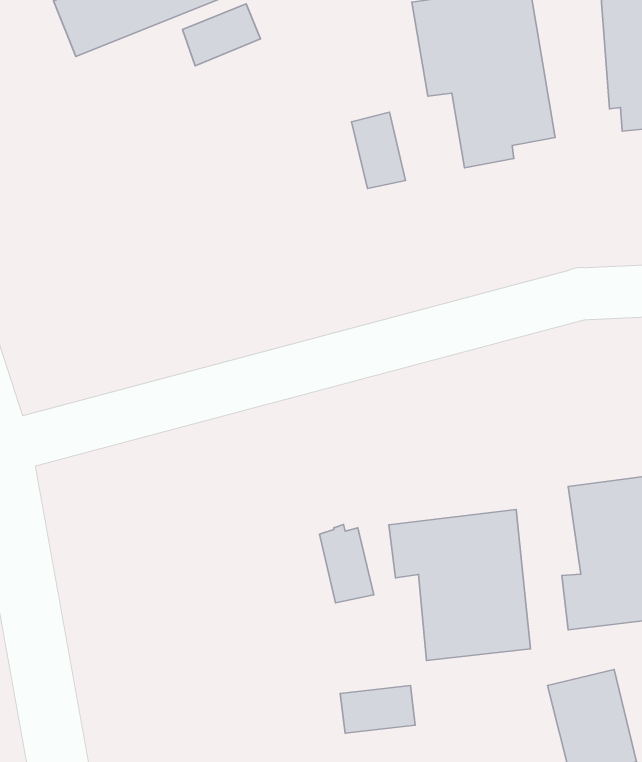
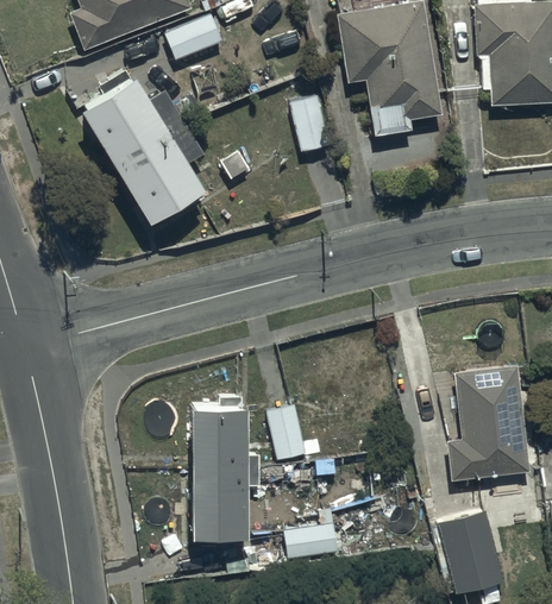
building: none -> [80,67,203,226]
building: [389,510,531,661] -> none
building: none -> [192,394,278,536]

